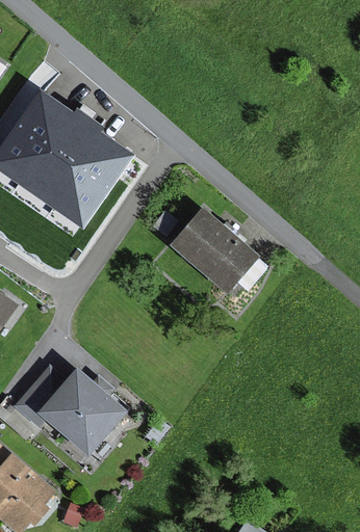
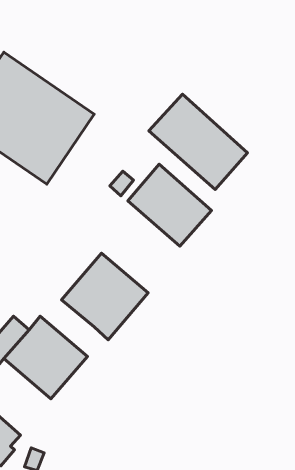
building: none -> [149,94,247,189]
building: none -> [61,253,148,340]

